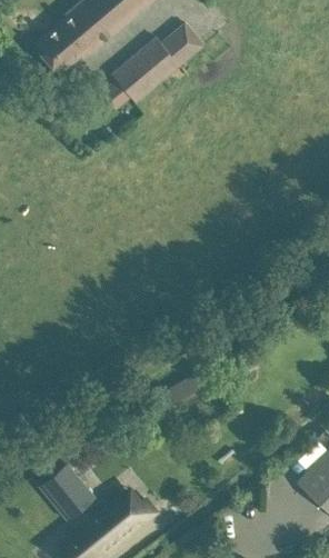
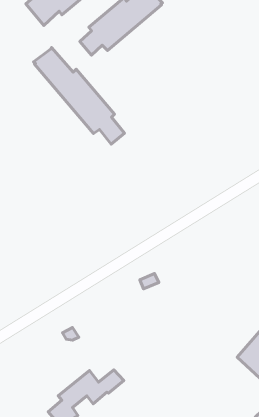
building: none -> [33,48,124,144]
building: [39,462,96,519] -> none

